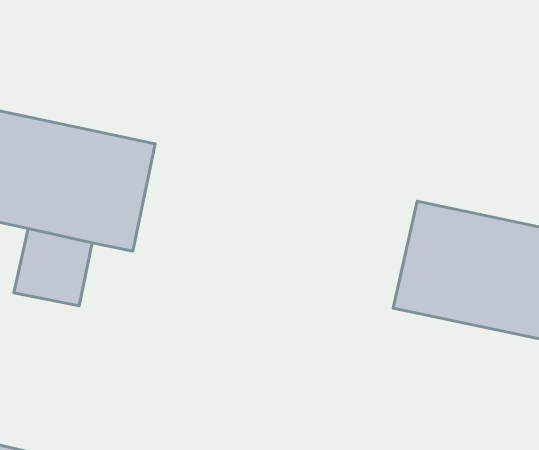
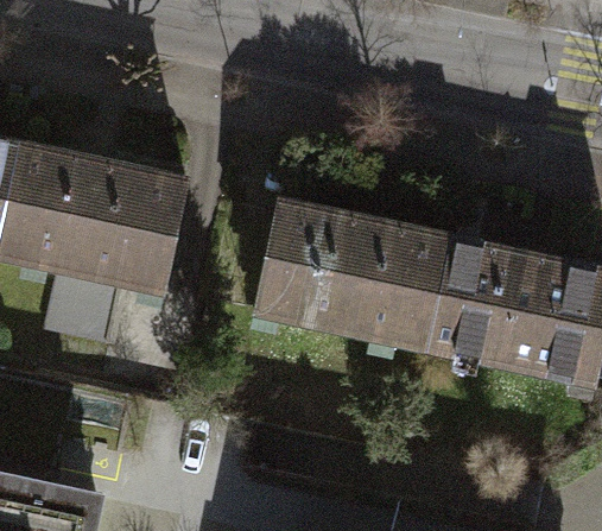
building: none -> [256,203,449,347]

